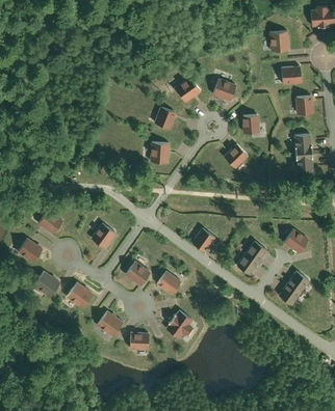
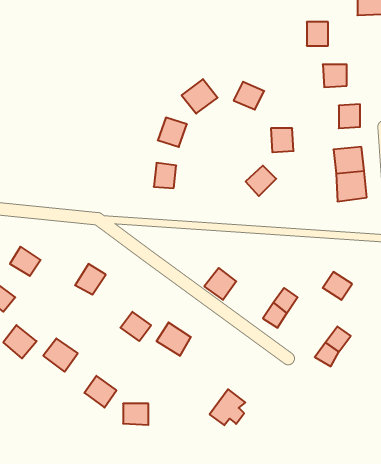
building: [165,308,194,336] -> [210,389,245,425]

